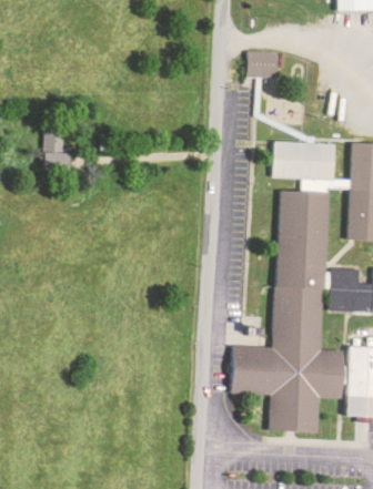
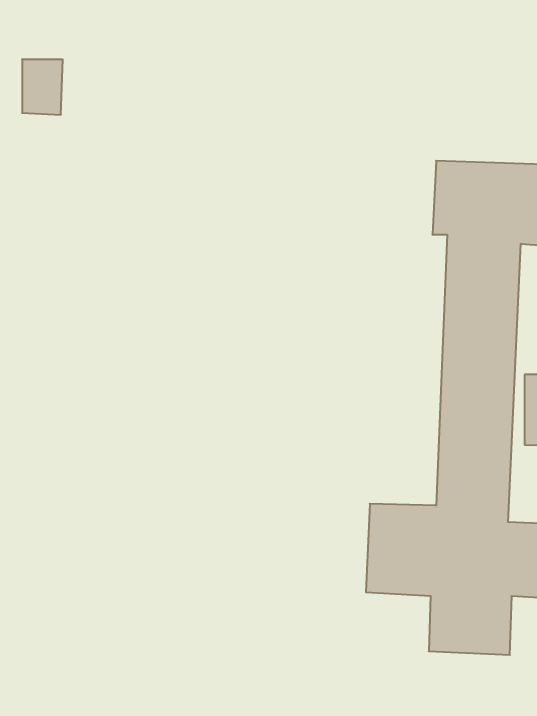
building: [243,50,274,77] -> none
building: [39,131,63,164] -> [22,59,63,115]

